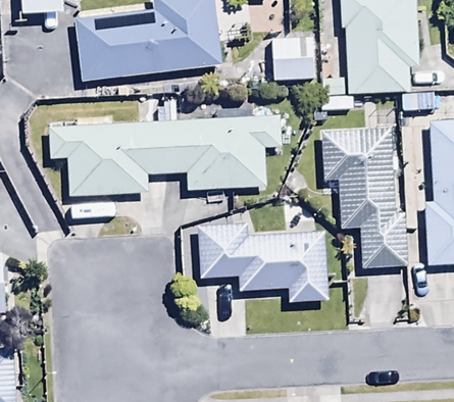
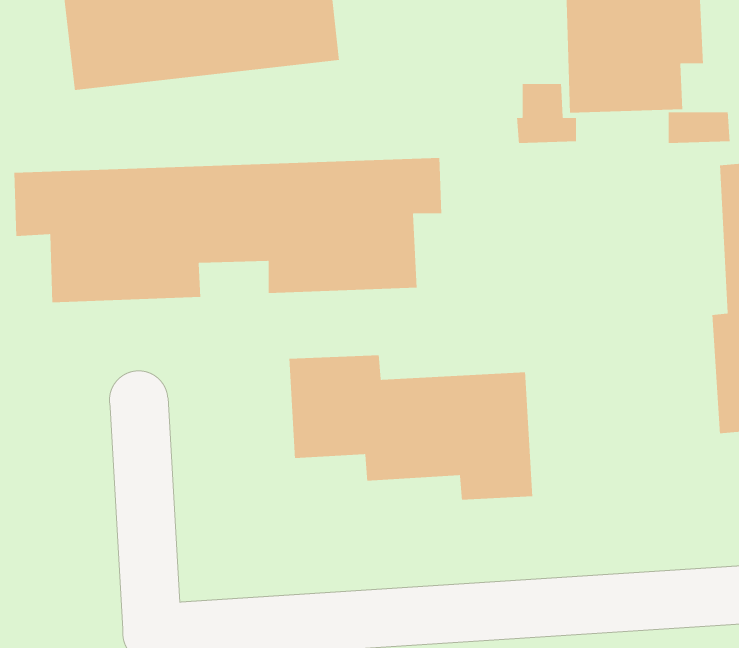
building: [269,37,316,81] -> none
building: [322,129,407,269] -> none

